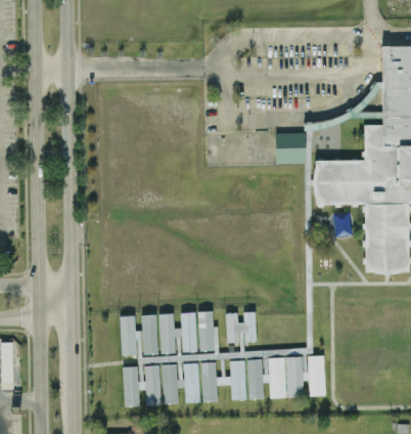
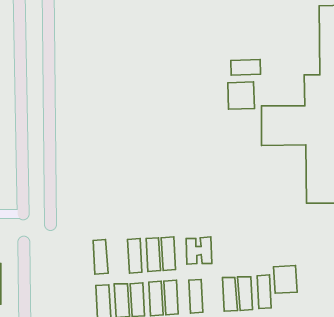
building: none -> [231,60,261,75]
building: [141,314,158,354] -> none
building: none -> [274,266,297,293]
building: [246,359,263,399] -> none

